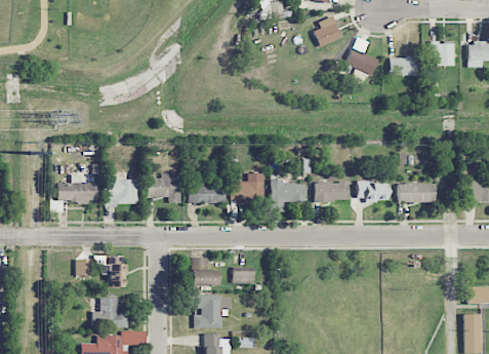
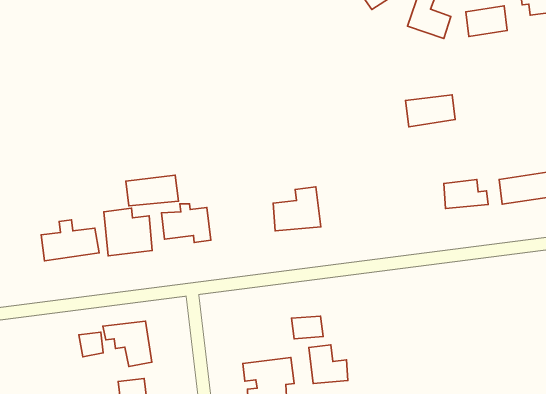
building: [271,182,307,211] -> none
building: [315,182,350,201] -> [405,95,455,127]
building: [189,184,226,203] -> [126,175,178,206]
building: [193,258,219,285] -> [309,345,348,383]

